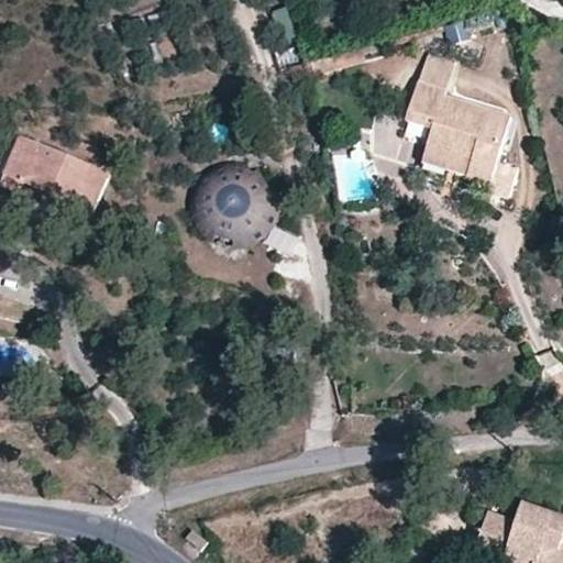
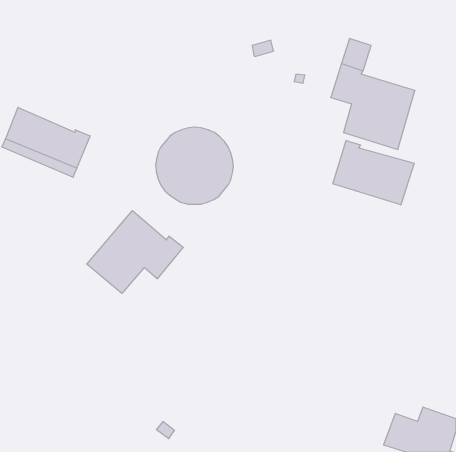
building: none -> [333,140,414,205]
building: none -> [87,211,183,293]

